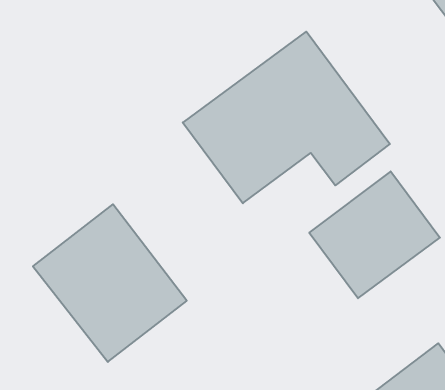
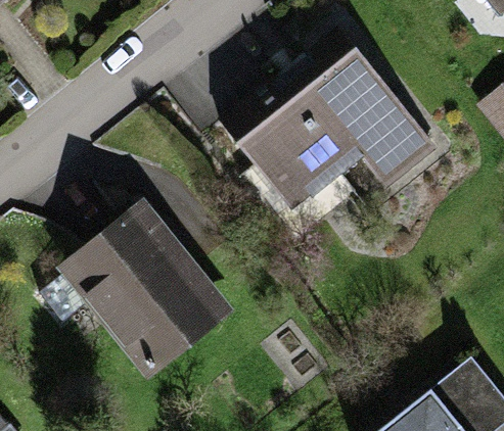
building: [309,171,440,298] -> none

